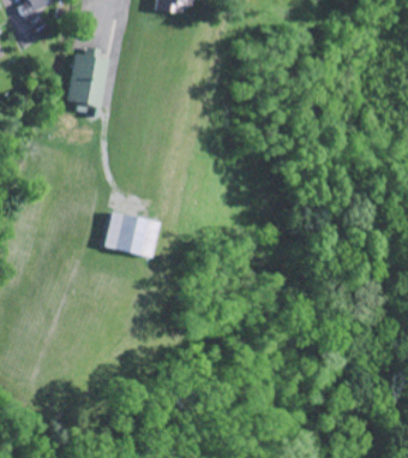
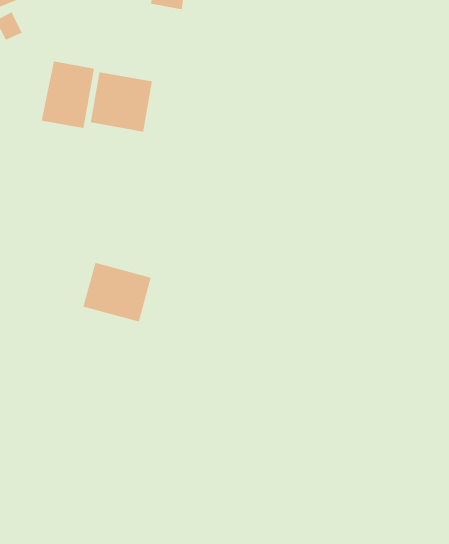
building: none -> [90,72,153,132]

